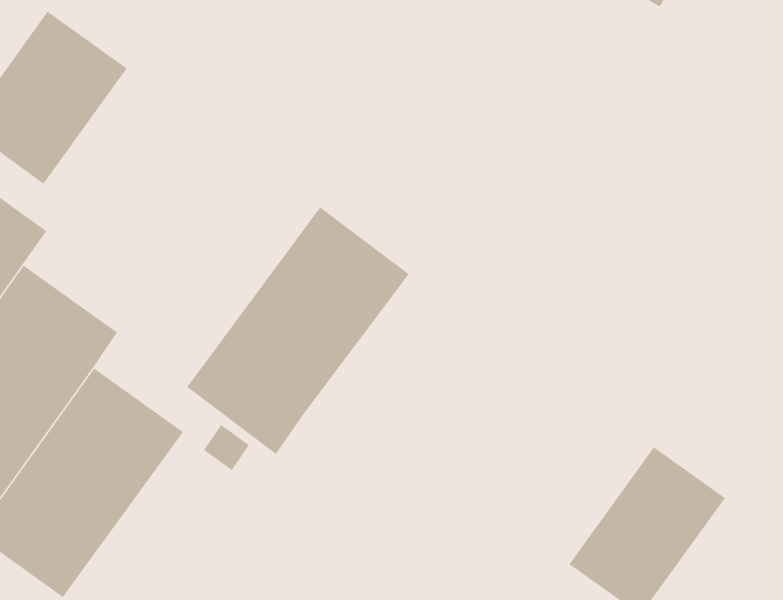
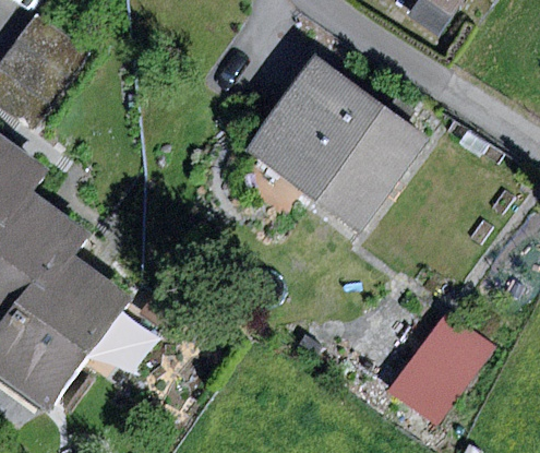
building: none -> [247,57,429,233]
building: [186,206,410,455] -> none

